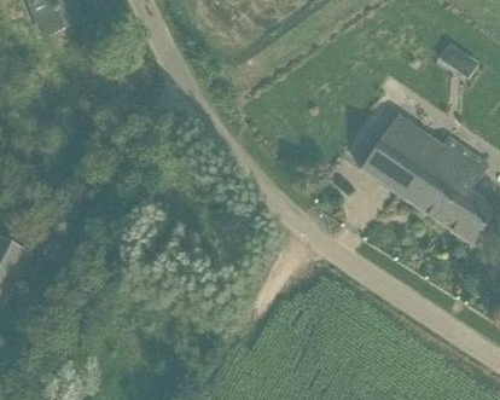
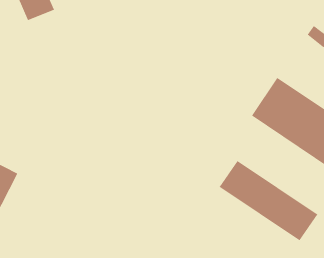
building: none -> [219,160,318,241]

